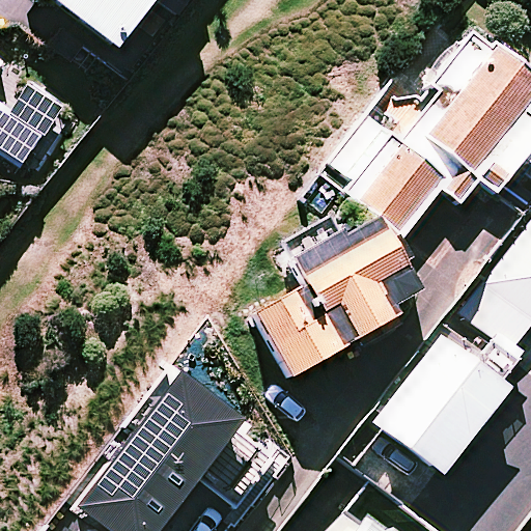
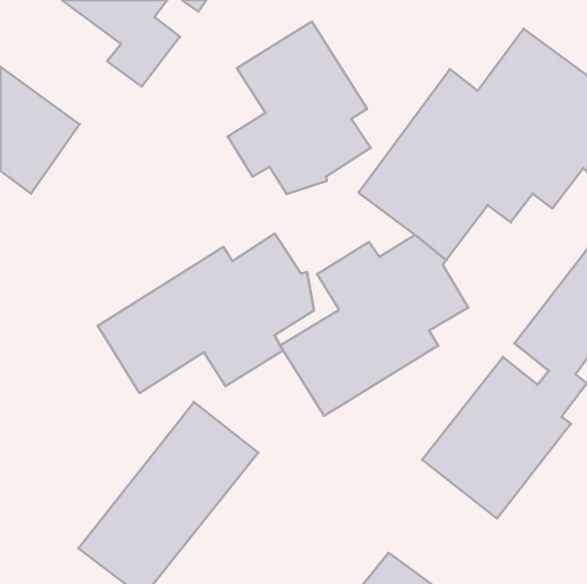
building: none -> [228,22,371,194]
building: none -> [98,234,314,393]

